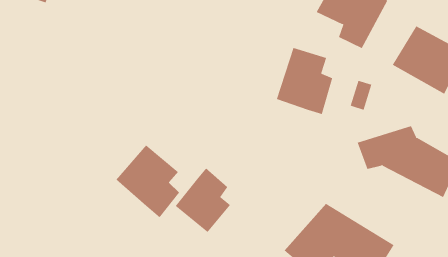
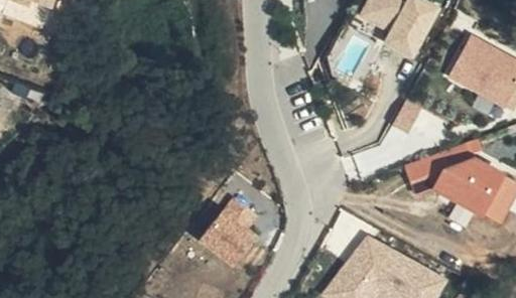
building: [276,47,333,115] -> none
building: [115,145,180,218] -> none

